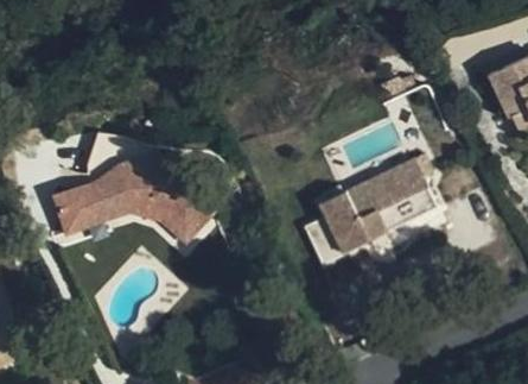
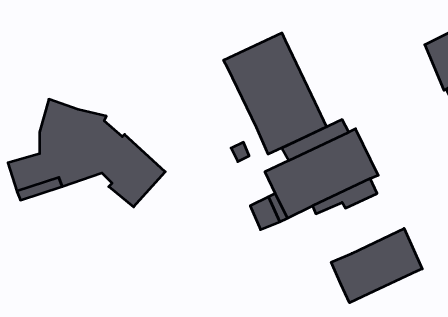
building: none -> [224,33,327,154]
building: none -> [331,228,422,303]

